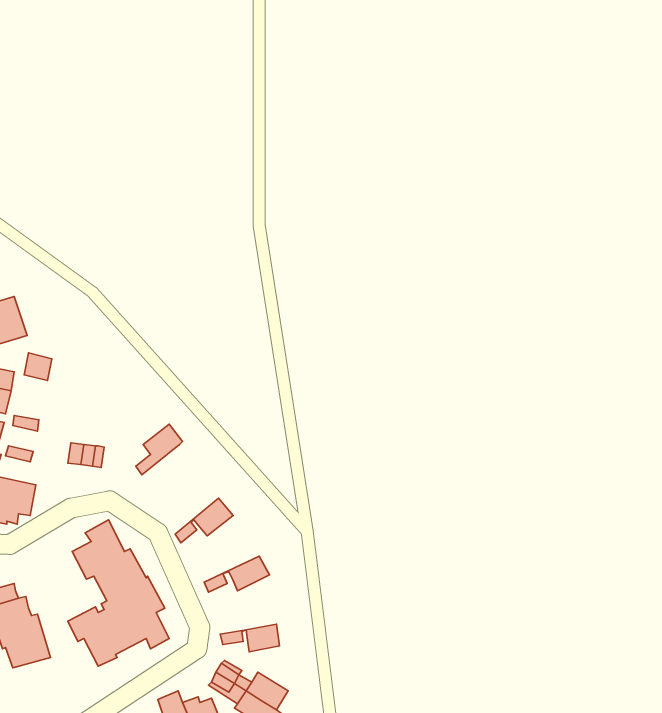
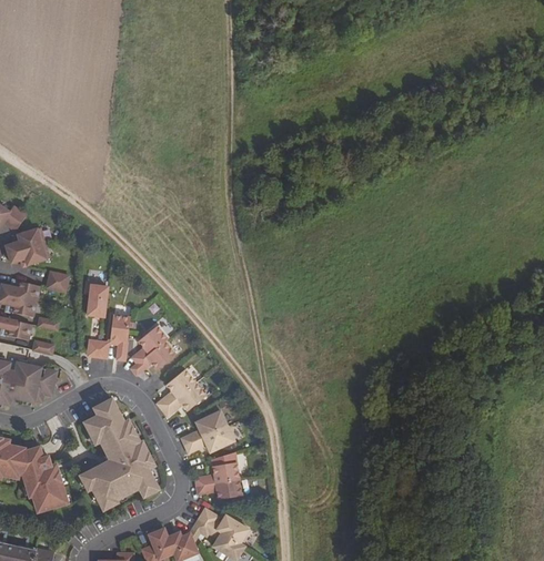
building: none -> [84,279,108,316]
building: none -> [107,313,130,360]
building: none -> [130,340,175,375]
building: none -> [157,369,195,409]
building: none -> [181,410,226,446]
building: none -> [195,462,240,486]

